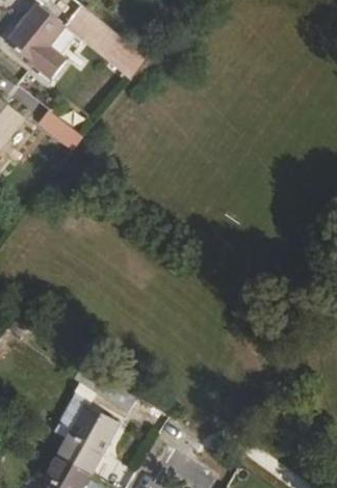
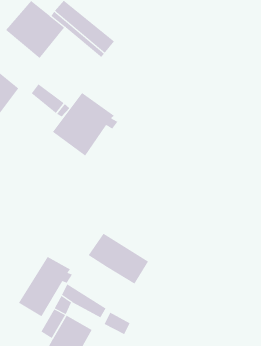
building: none -> [52,92,118,156]
building: none -> [88,233,149,284]
building: none -> [18,256,73,317]

